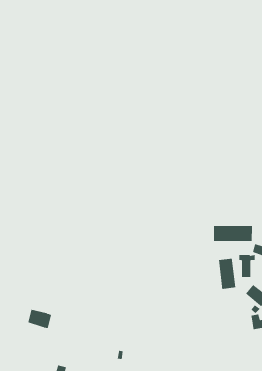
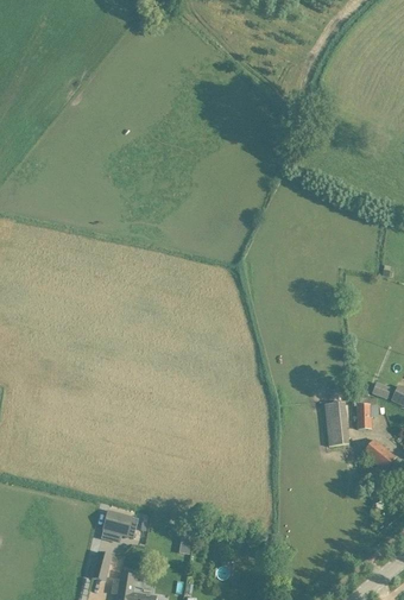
building: [214,225,252,242] -> none
building: [27,309,52,329] -> [103,510,138,537]

